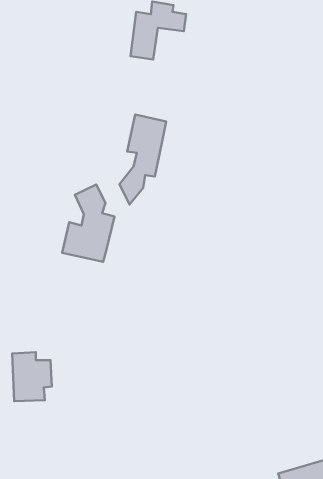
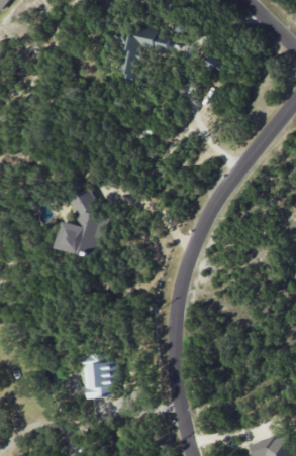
building: [120,115,166,204] -> none
building: [12,352,52,401] -> [84,355,119,398]

